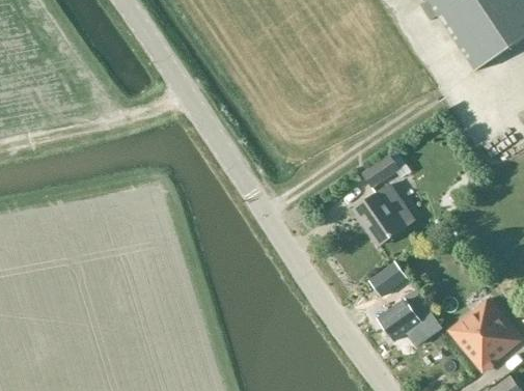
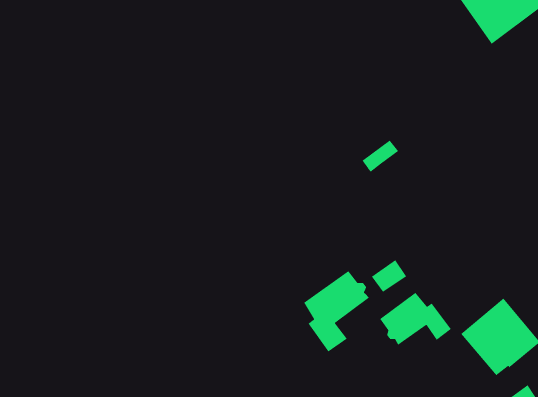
building: [352,181,413,245] -> none
building: none -> [303,270,370,352]

